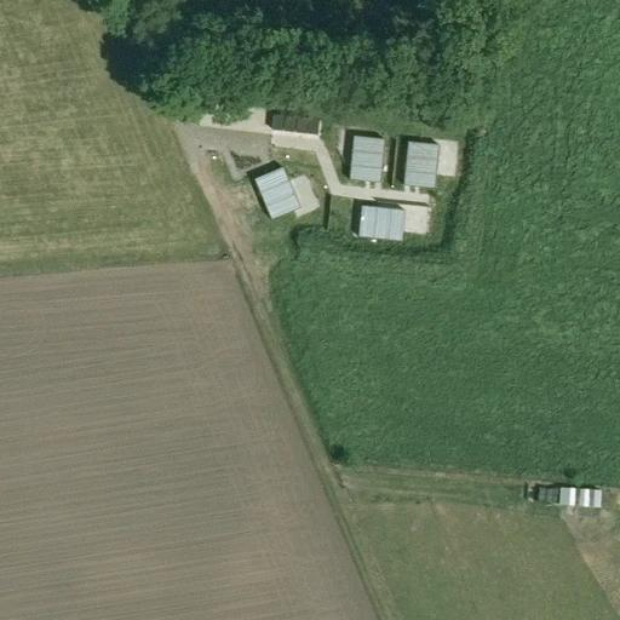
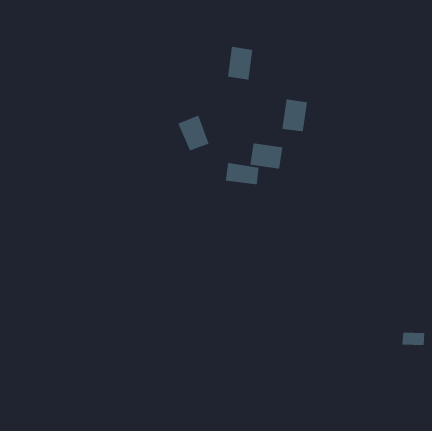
building: [349,133,386,182] -> [227,46,253,80]
building: none -> [225,162,259,185]

